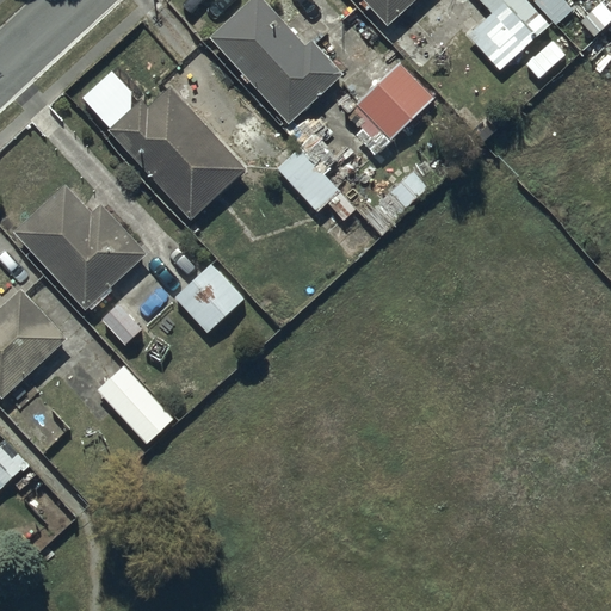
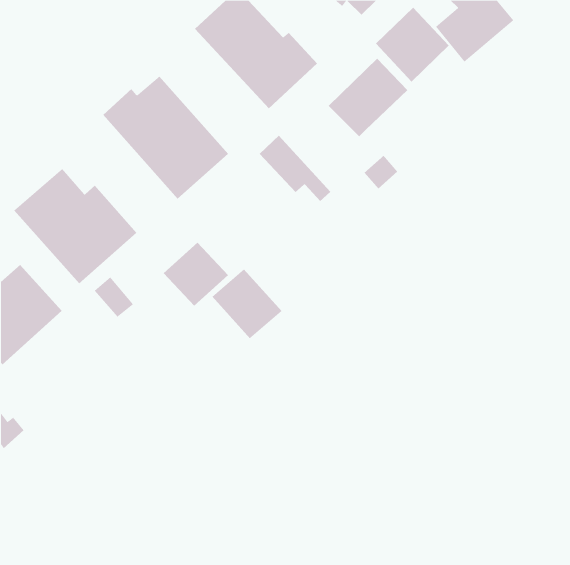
building: none -> [375,7,450,82]
building: none -> [211,268,283,339]
building: [98,366,172,442] -> none

